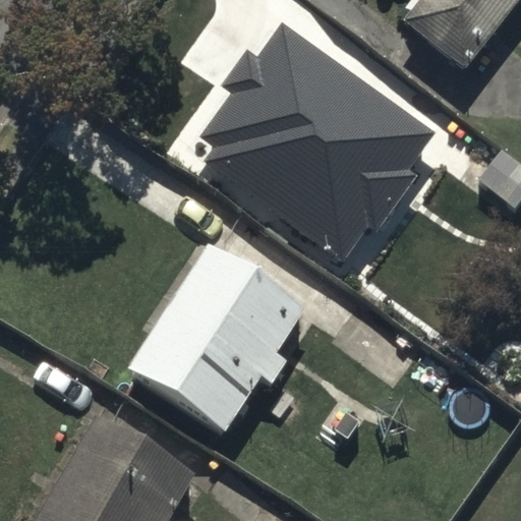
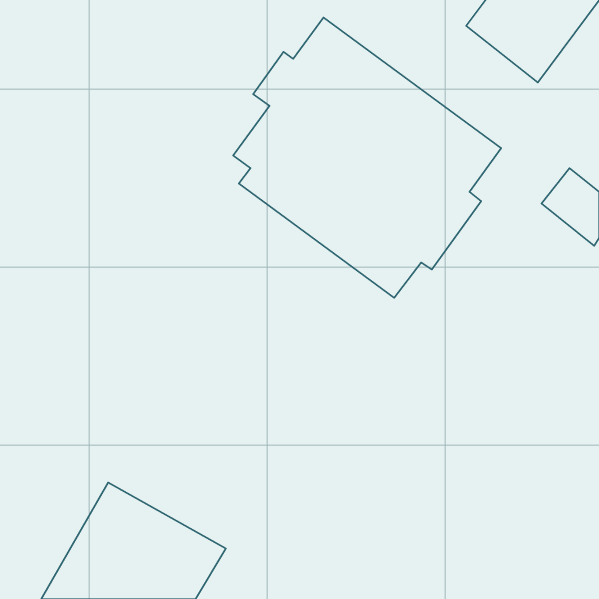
building: [126,246,304,435] -> none

